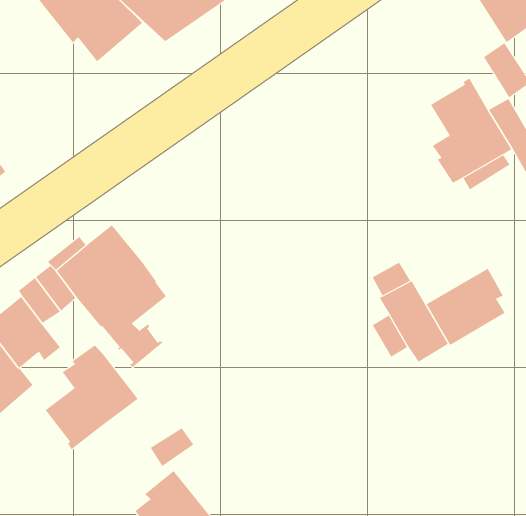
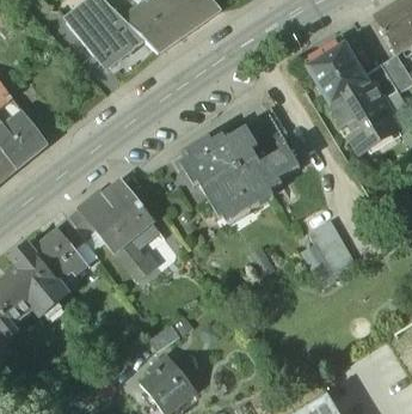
building: none -> [303,38,368,129]
building: none -> [180,112,297,217]
building: [426,268,505,346] -> none
building: [45,344,138,450] -> none

